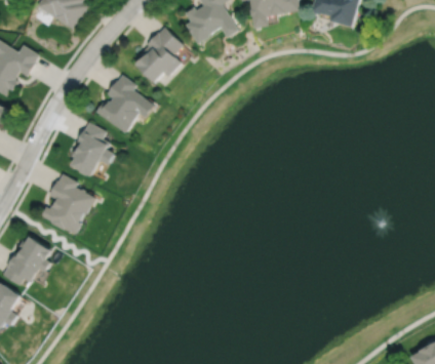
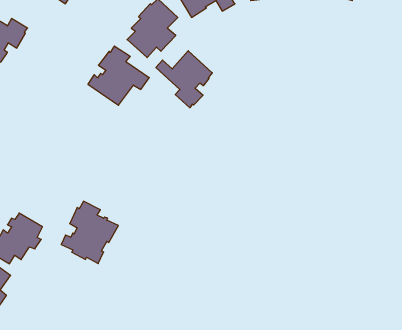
building: none -> [156,51,212,108]
building: [72,121,115,173] -> none
building: [41,172,96,233] -> [61,201,118,264]

